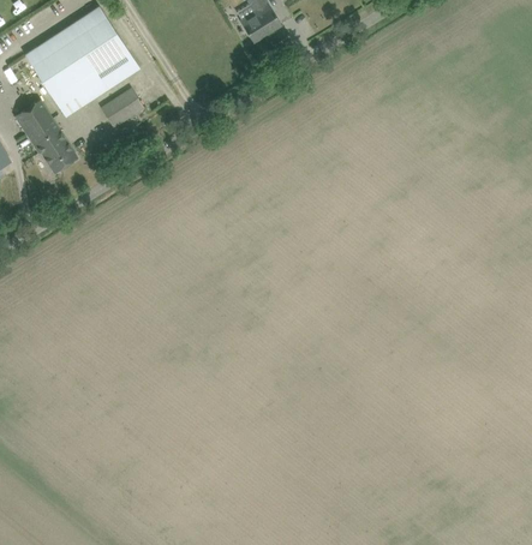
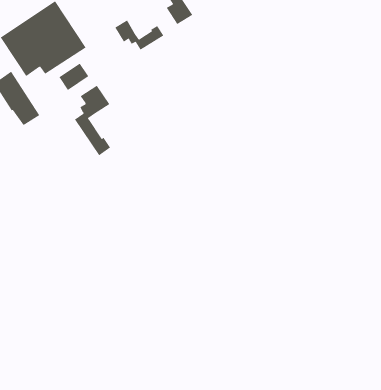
building: none -> [115,19,164,51]
building: none -> [74,85,111,156]

